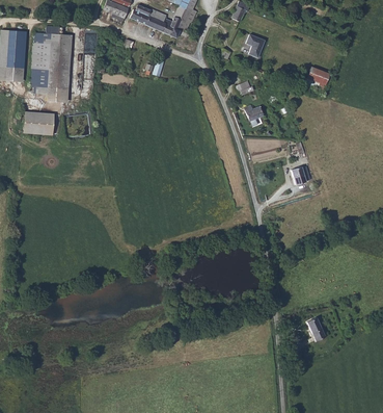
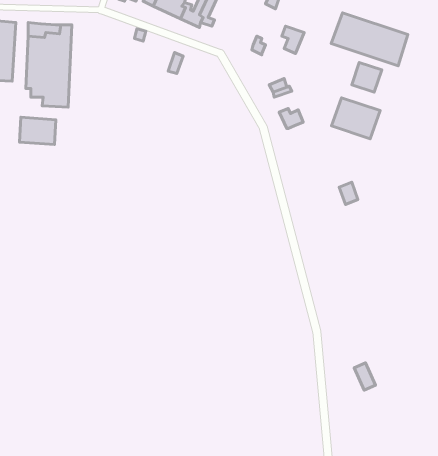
building: none -> [331,13,408,66]
building: none -> [332,98,380,139]

